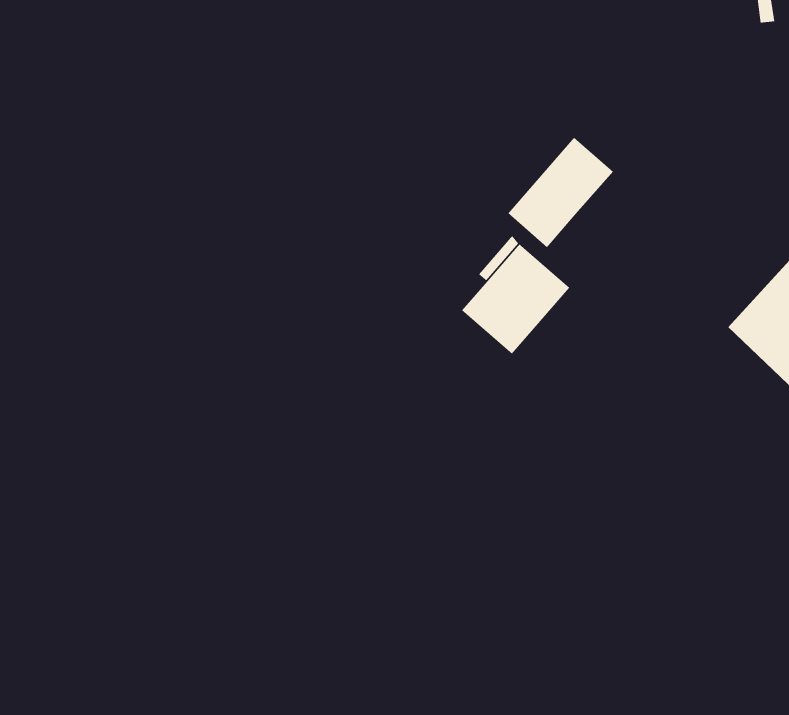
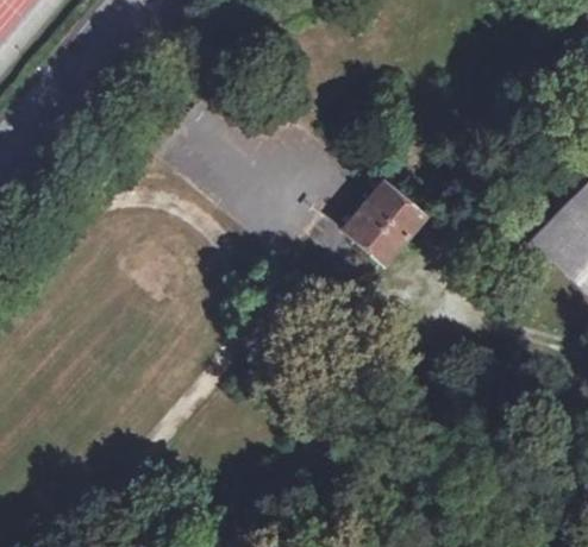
building: [507,137,614,248] -> none

